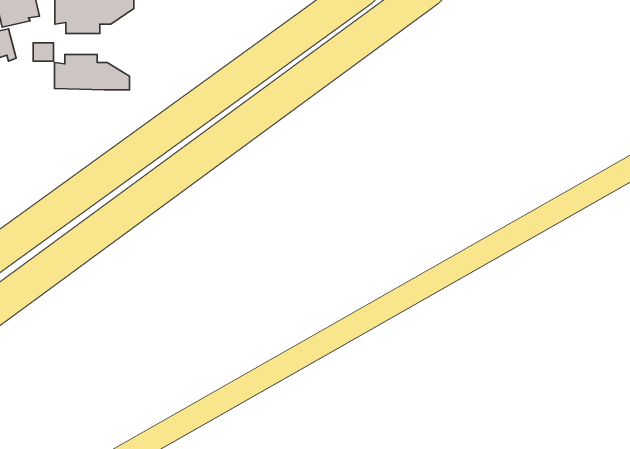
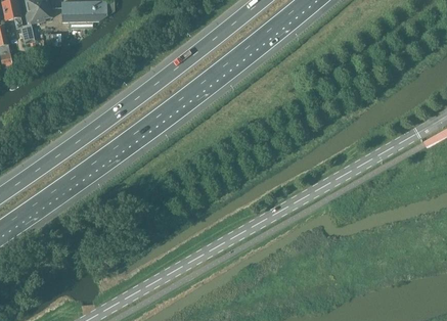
building: [54,54,129,90] -> none

